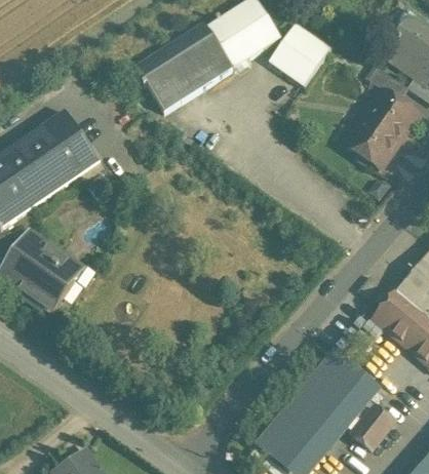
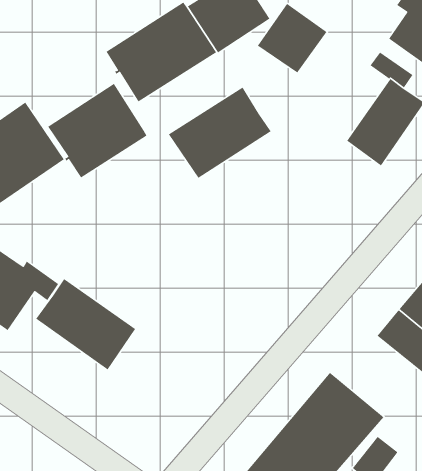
building: none -> [47,83,148,178]
building: none -> [168,87,272,179]
building: none -> [35,278,136,371]

